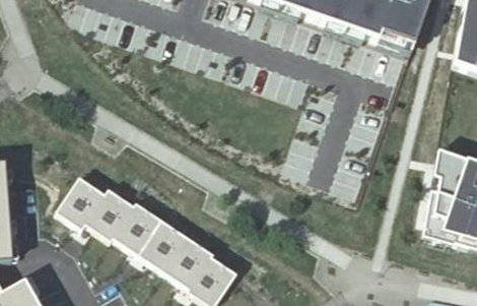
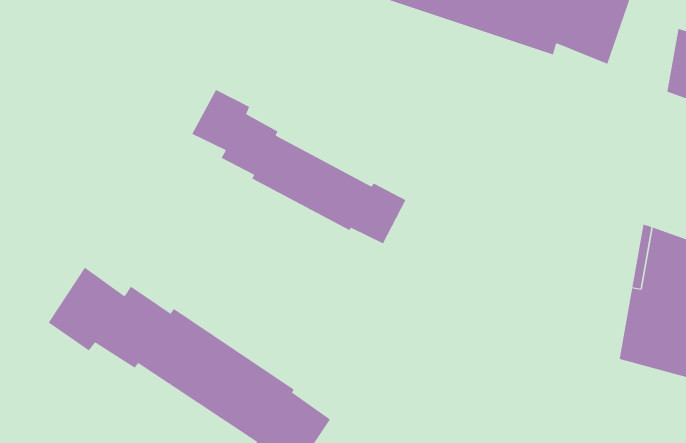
building: none -> [192,89,406,244]

